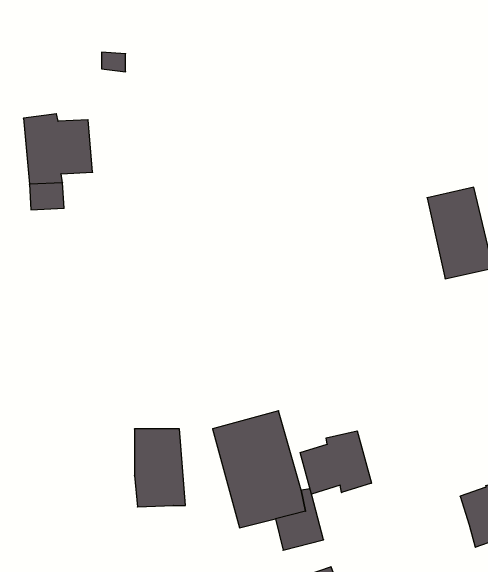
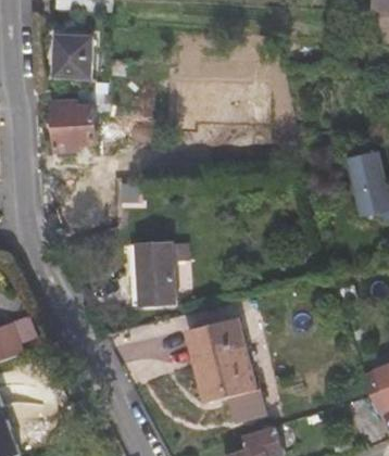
building: none -> [51,34,91,74]
building: [134,429,185,507] -> [145,240,181,296]
building: [300,431,371,494] -> none

